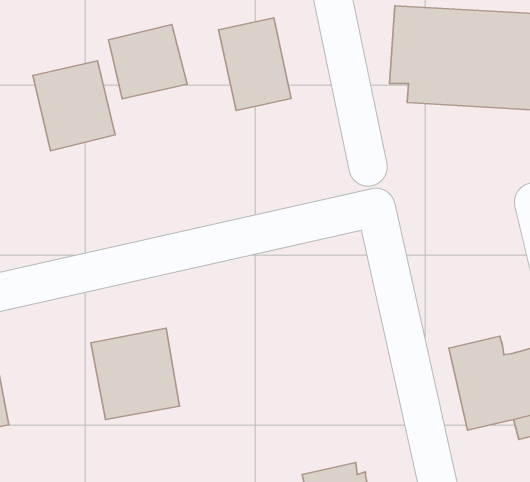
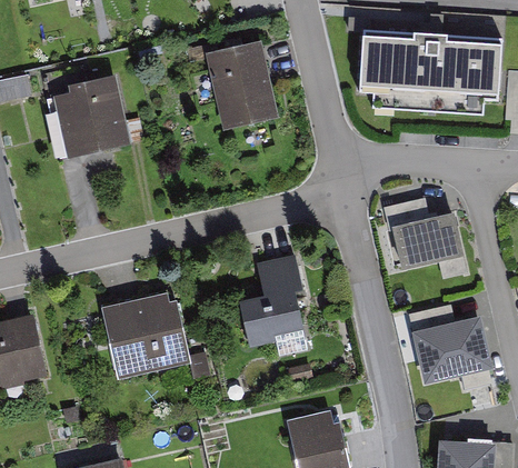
building: [109,24,187,99] -> none
building: none -> [383,199,466,278]
building: none -> [246,257,306,341]

